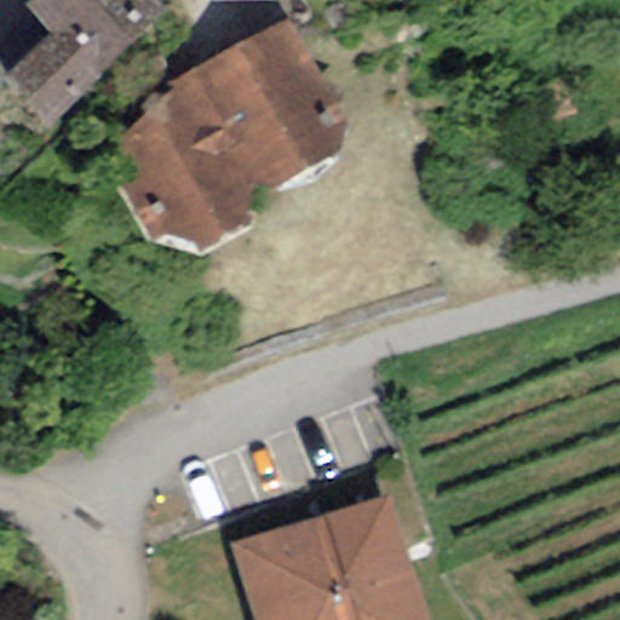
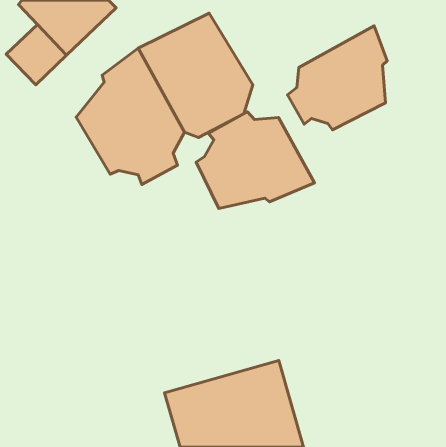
building: none -> [288,26,387,130]
building: none -> [196,112,315,209]

